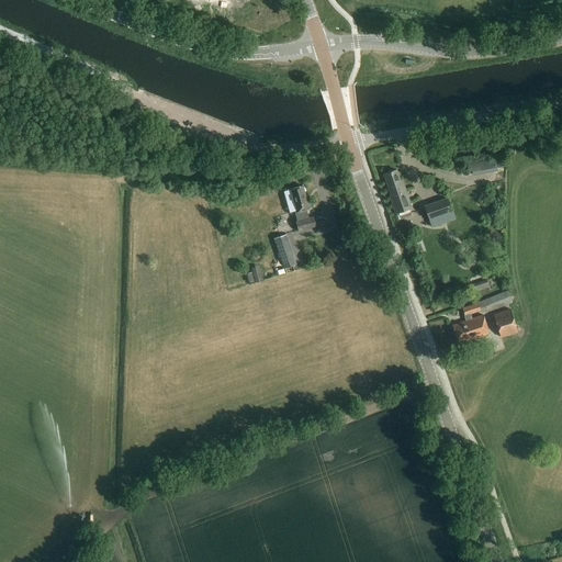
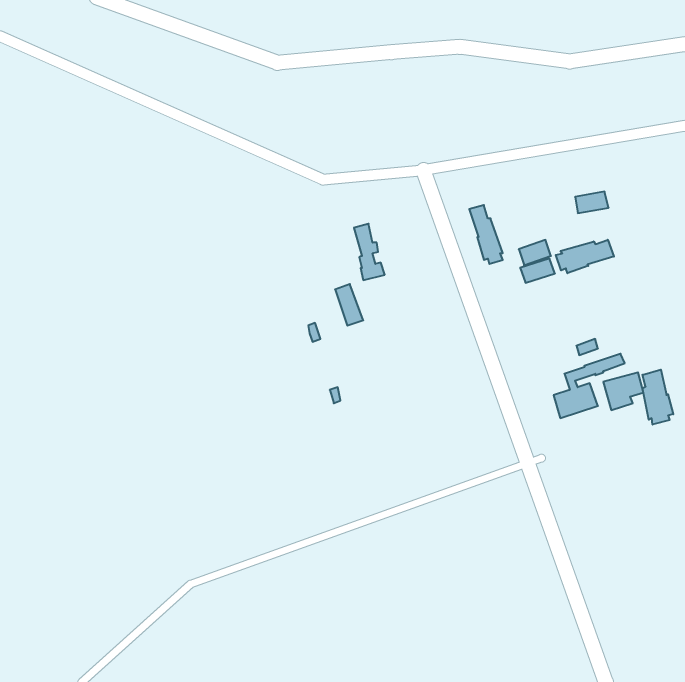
building: none -> [556,240,614,273]
building: none -> [642,370,673,425]

